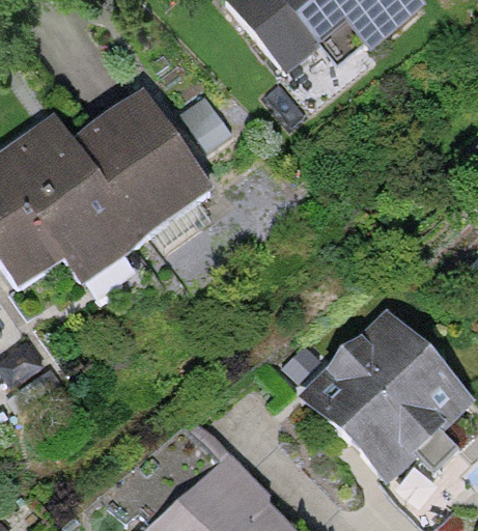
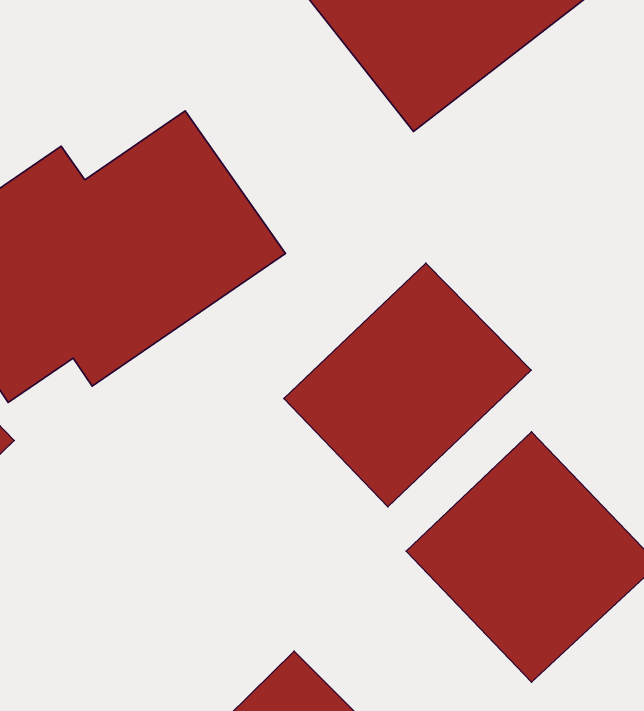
building: none -> [284,263,531,507]

